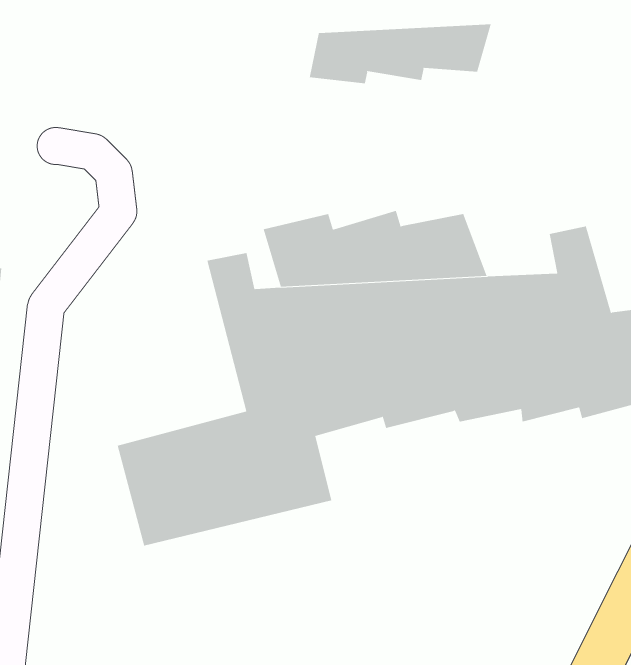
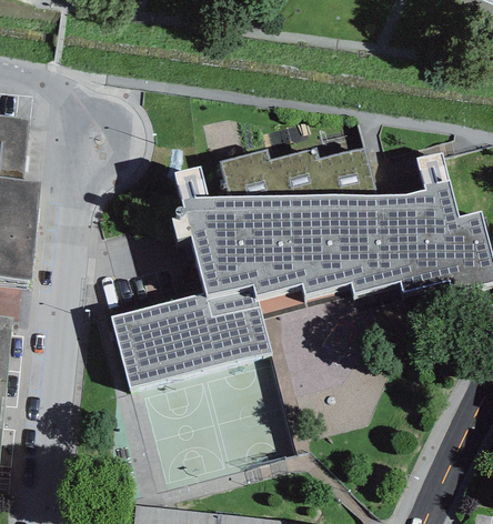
building: [309,23,492,84] -> none

